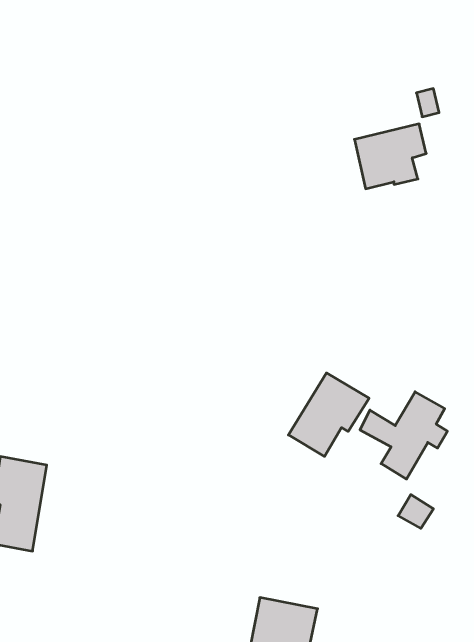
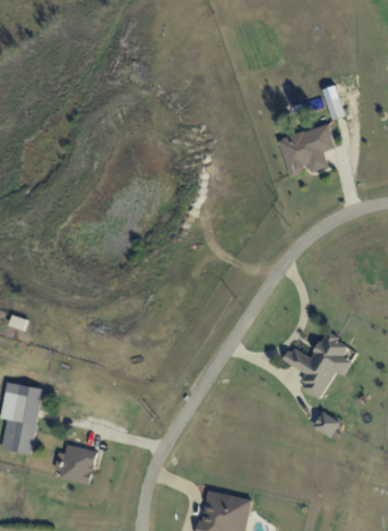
building: [288,373,369,456] -> none
building: none -> [54,444,97,484]

